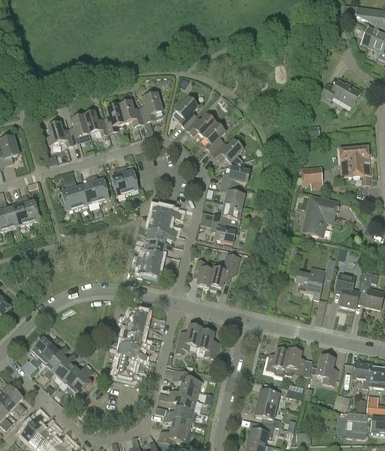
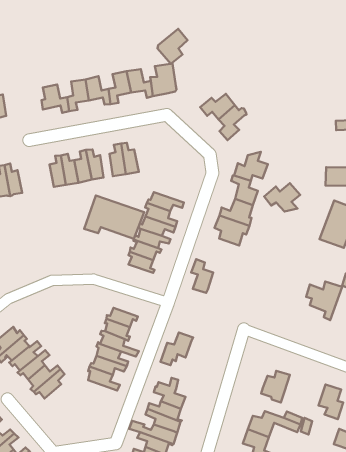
building: [172,96,197,127] -> [158,29,187,64]
building: [212,139,243,164] -> [264,183,300,212]
building: none -> [84,195,144,239]
building: [209,252,240,287] -> none
building: [196,329,217,357] -> none
building: [283,347,312,376] -> none

